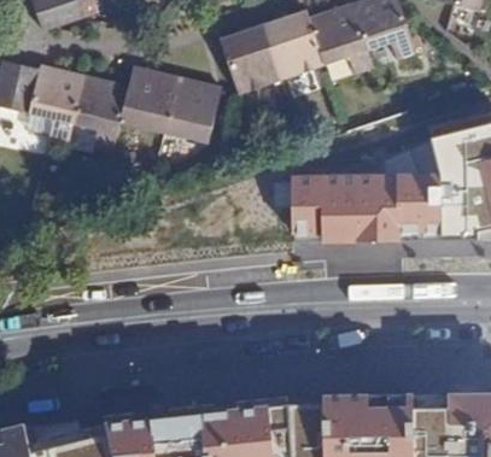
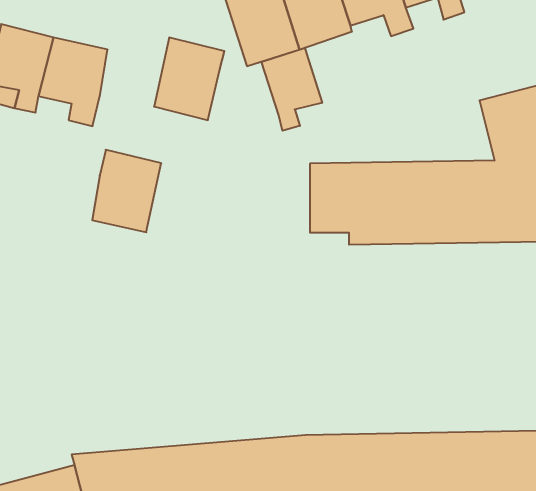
building: [123,65,179,131] -> [92,150,161,232]
building: none -> [262,48,322,131]

